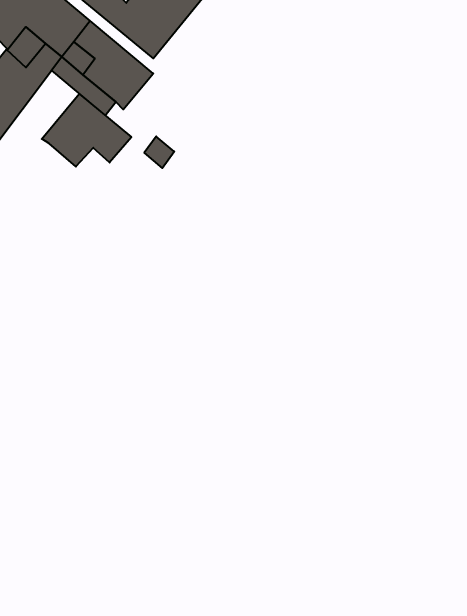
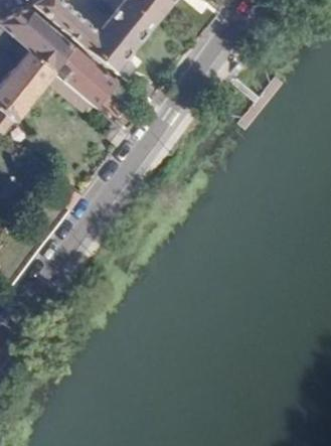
building: [42,94,131,167] -> none

